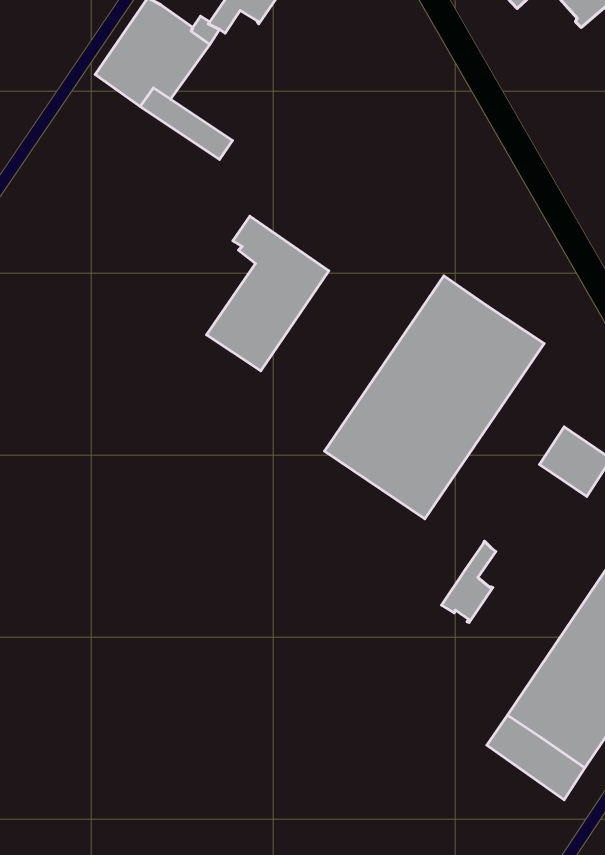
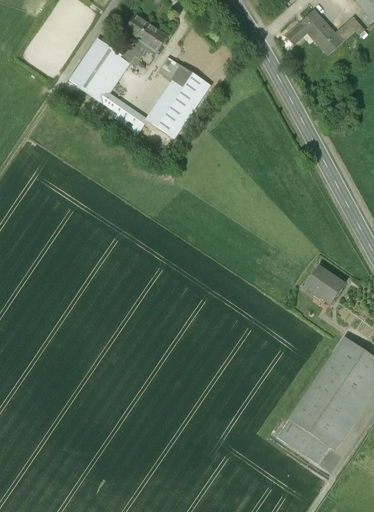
building: [206,216,329,371] -> [146,56,211,138]
building: [324,276,544,519] -> none
building: [441,541,496,623] -> none

